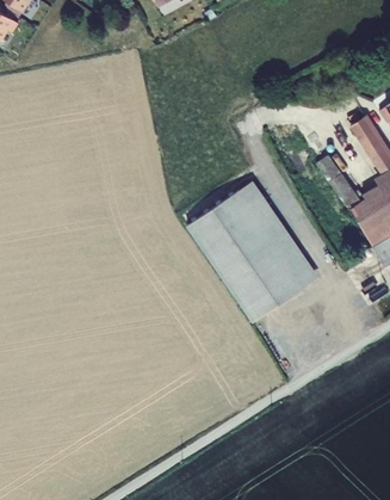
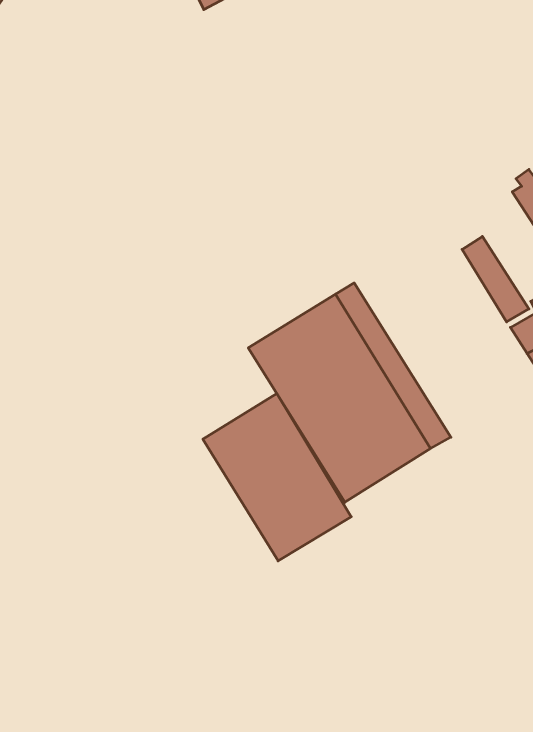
building: none -> [203,394,351,561]

